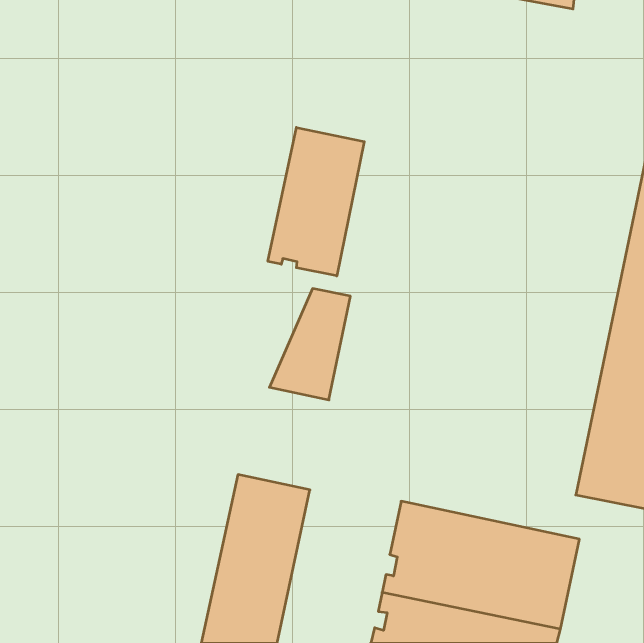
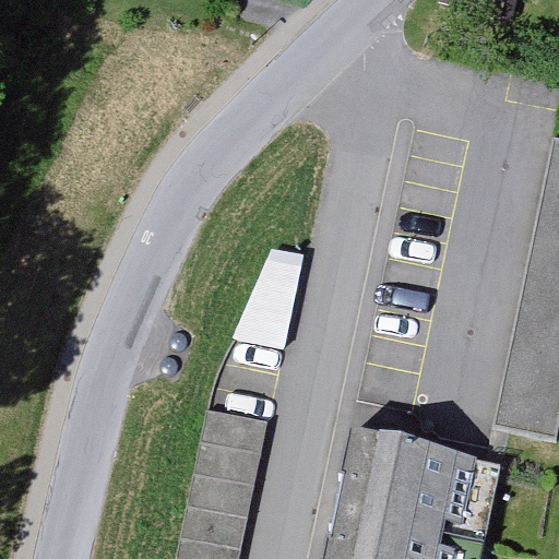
building: [268,127,364,276] -> none

